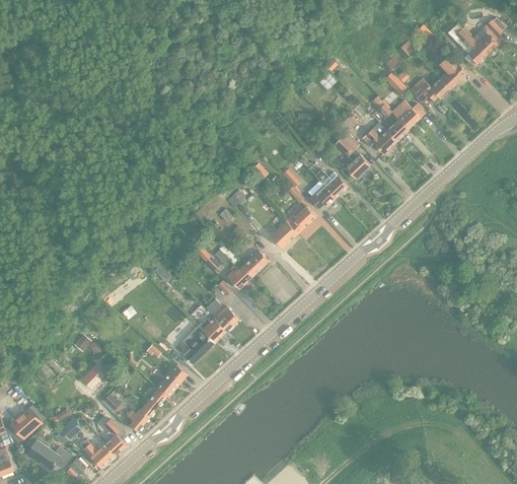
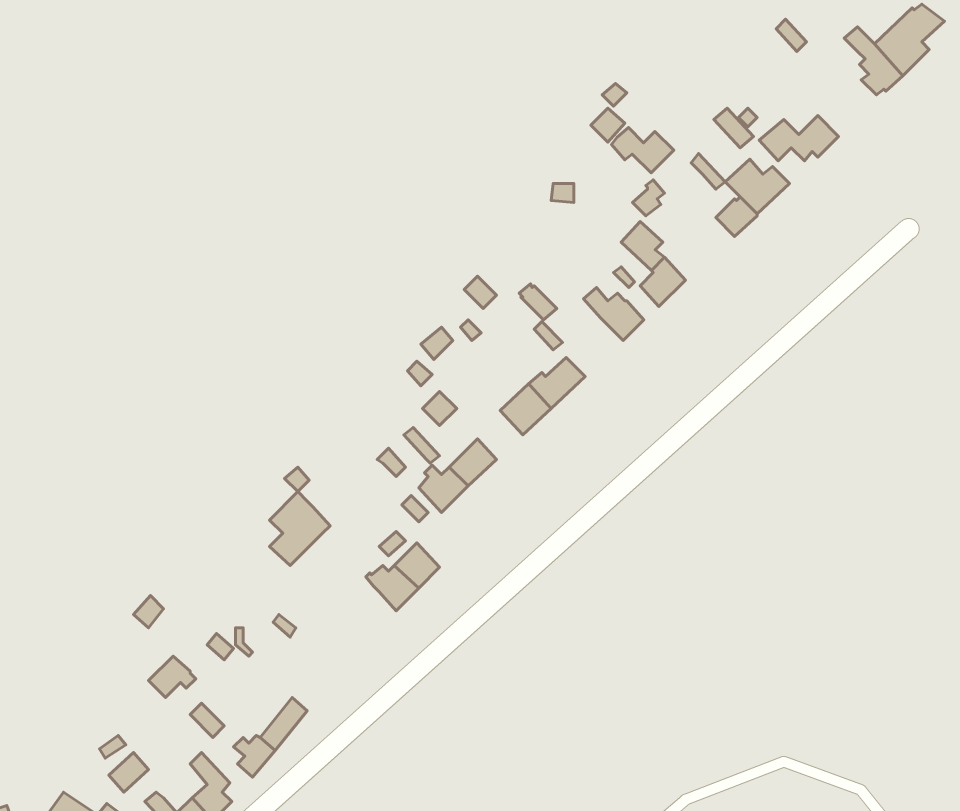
building: [438,54,466,87] -> none
building: [362,129,395,153] -> [611,128,674,173]
building: [307,180,336,208] -> none
building: [181,324,214,363] -> [270,492,330,565]
building: [157,364,187,396] -> none
building: [9,406,42,438] -> none

